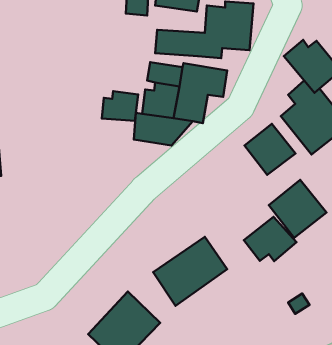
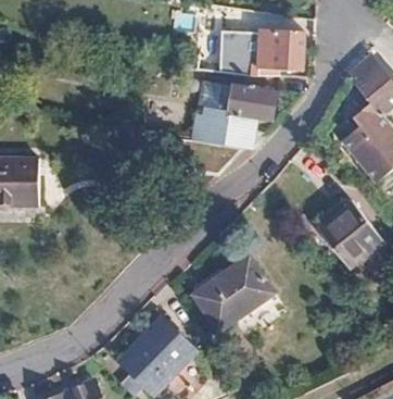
building: [102,91,138,121] -> none
building: [244,124,295,175] -> none
building: [244,217,297,261] -> none

